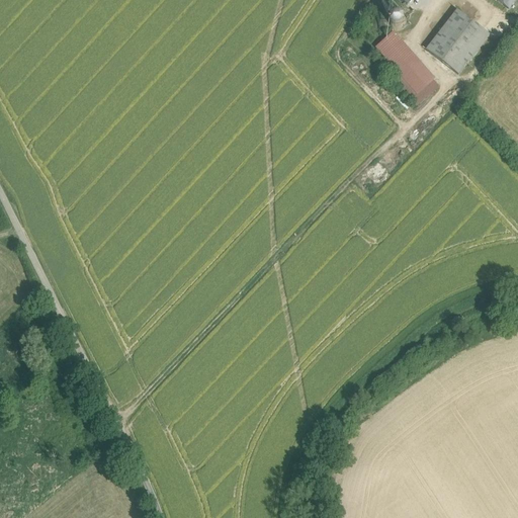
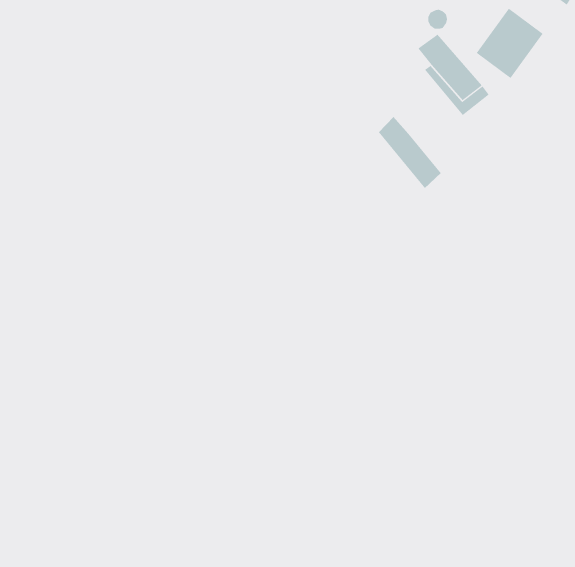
building: none -> [378,116,442,189]

